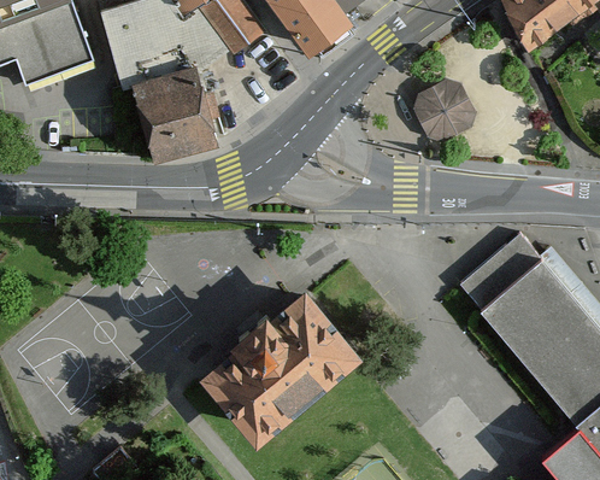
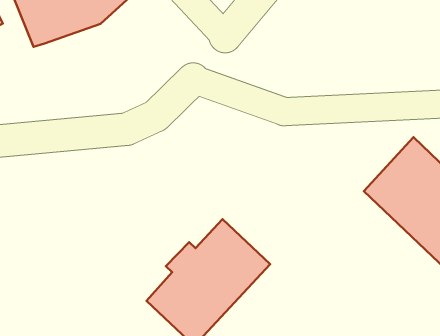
building: [135,72,225,158] -> none
building: [414,83,475,144] -> none

